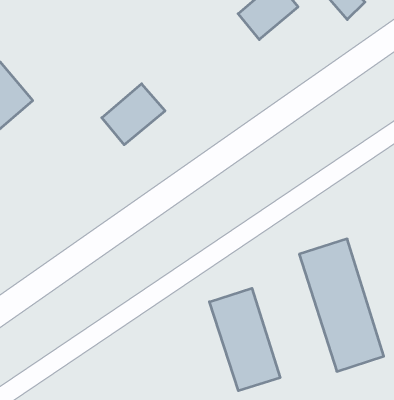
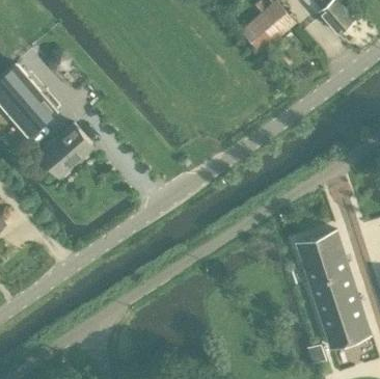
building: [102,84,165,145] -> [38,123,94,177]
building: [209,288,280,391] -> none

